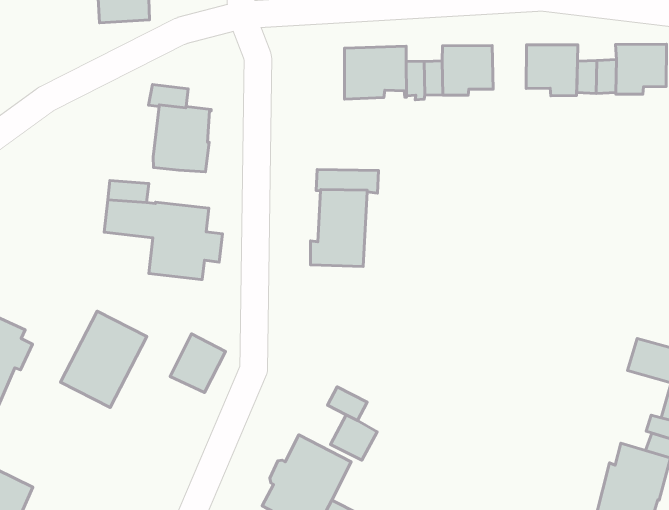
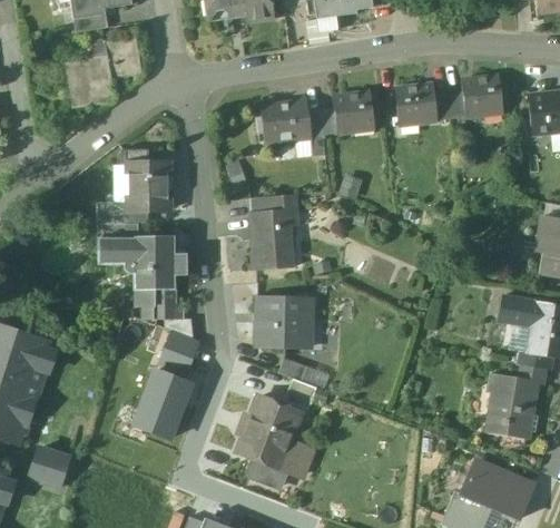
building: none -> [97,203,148,224]
building: none -> [155,290,183,319]
building: none -> [256,296,313,349]
building: [60,311,147,407] -> [131,371,191,441]

